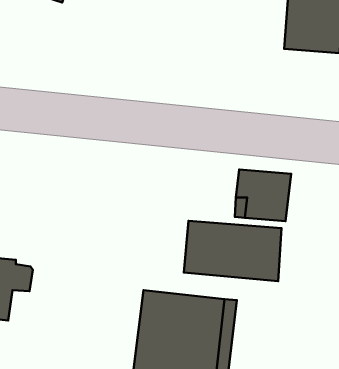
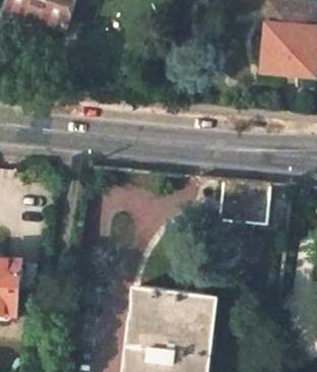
building: [184,221,281,281] -> none

